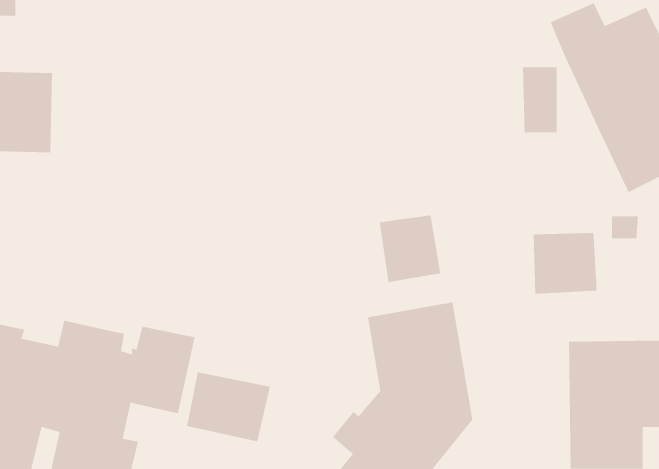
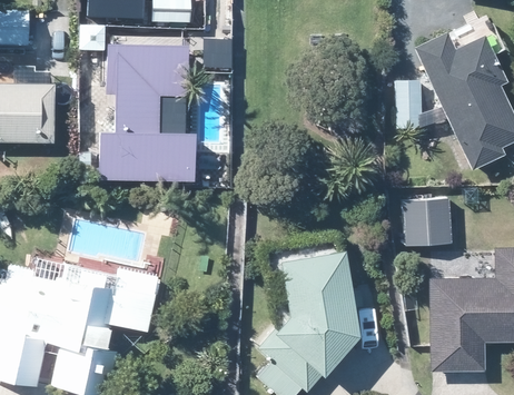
building: none -> [95,42,189,178]
building: [379,215,441,283] -> none
building: [186,371,270,442] -> none

